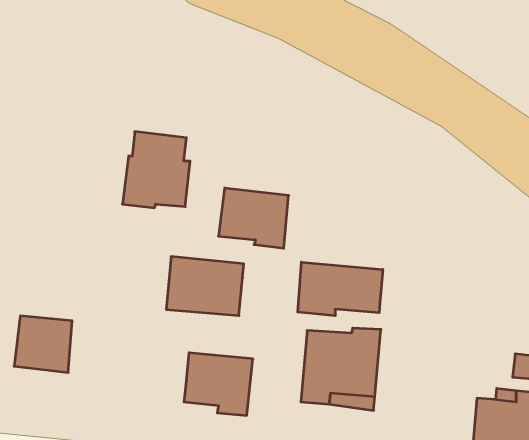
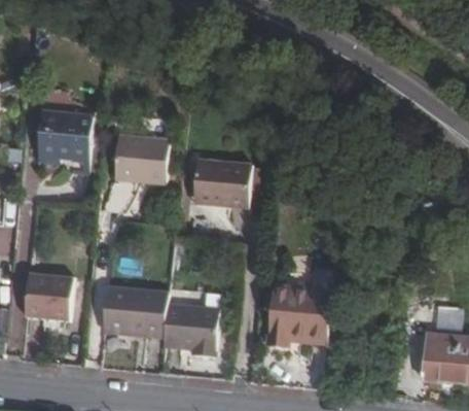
building: none -> [37,113,93,165]
building: [166,257,244,316] -> [104,286,169,336]
building: [298,262,383,316] -> none

